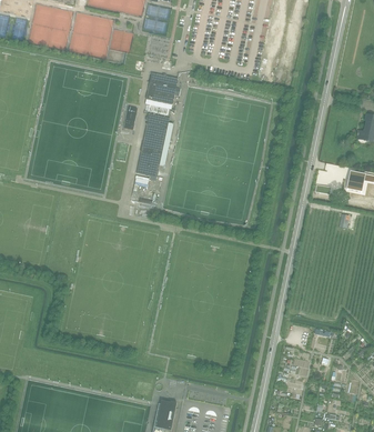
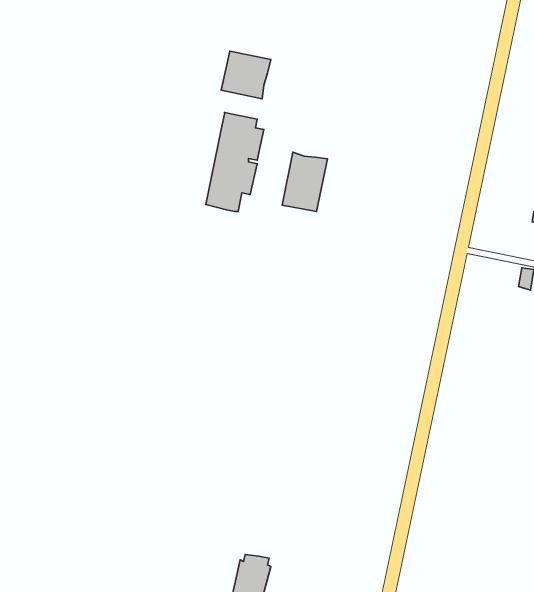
building: none -> [282,152,327,212]

